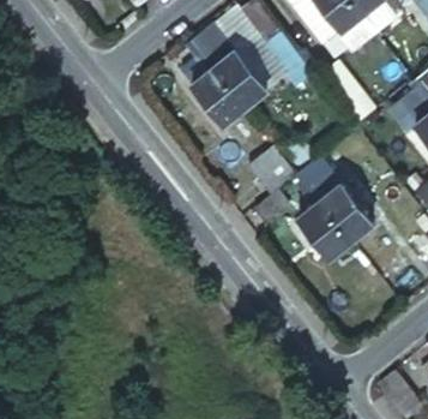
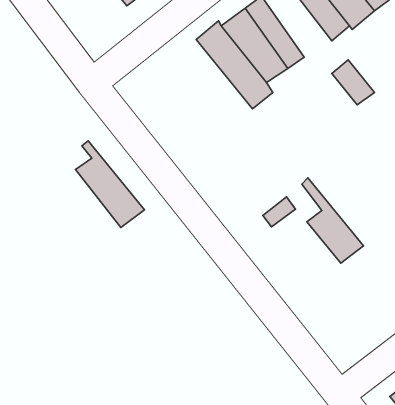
building: [182,43,248,126] -> [75,141,145,227]
building: [249,149,295,197] -> none
building: [301,160,374,240] -> none

